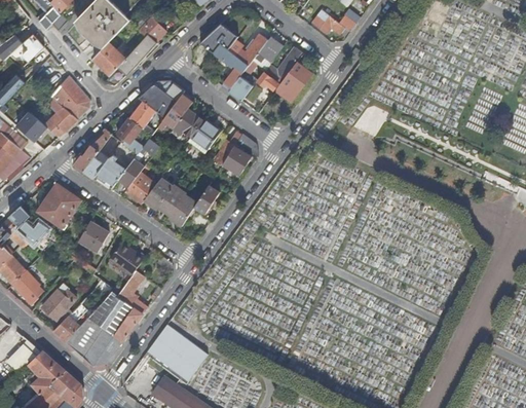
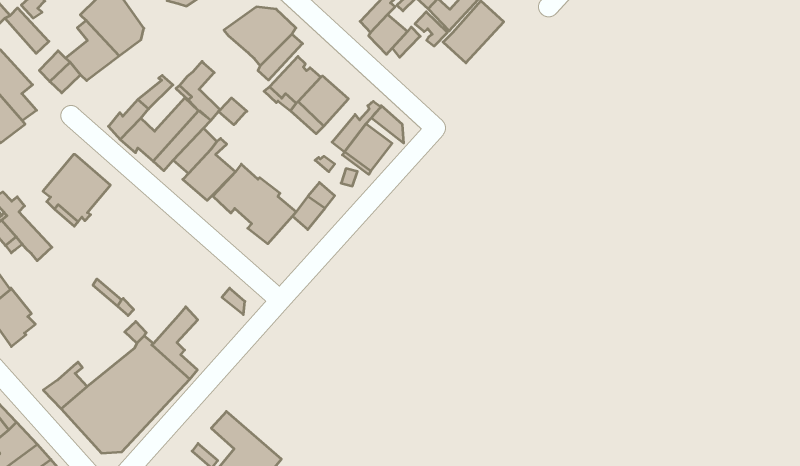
building: [129,100,164,135] -> none
building: [78,221,108,251] -> none
building: [109,243,144,275] -> none
building: [41,290,76,323] -> none

